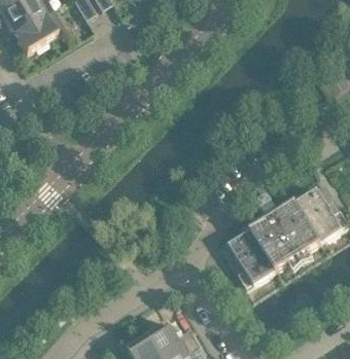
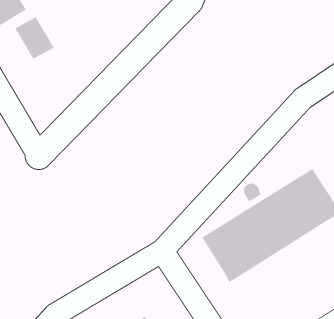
building: none -> [14,16,54,59]

